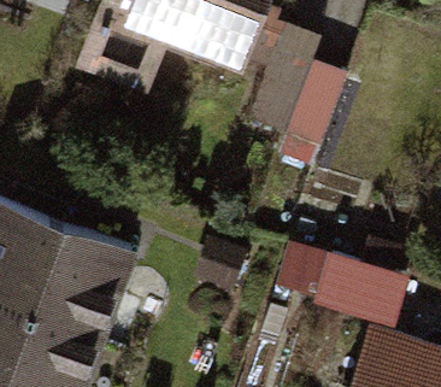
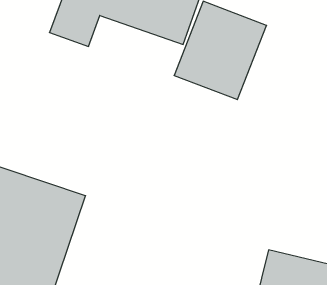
building: [274,241,405,313] -> none

